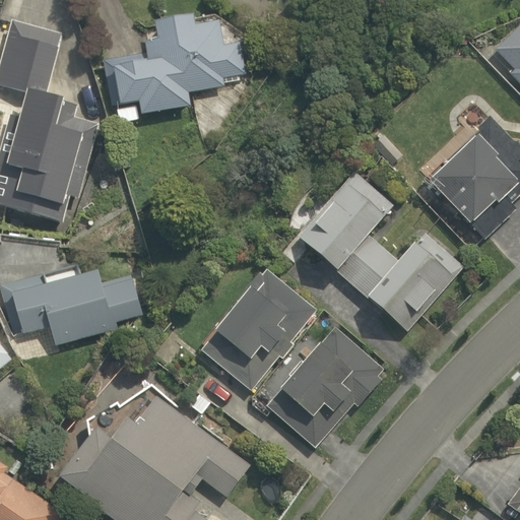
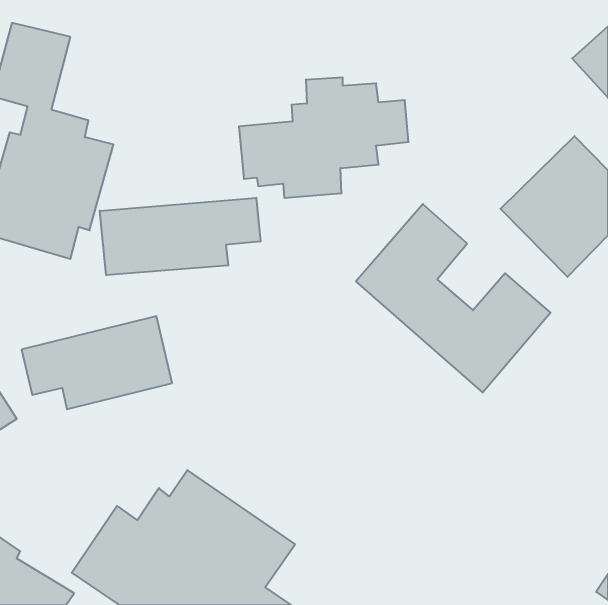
building: [104,17,248,120] -> [239,77,409,198]
building: none -> [100,198,260,275]
building: [198,267,314,390] -> none
building: [264,325,382,447] -> none

